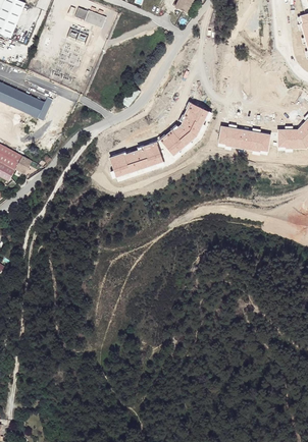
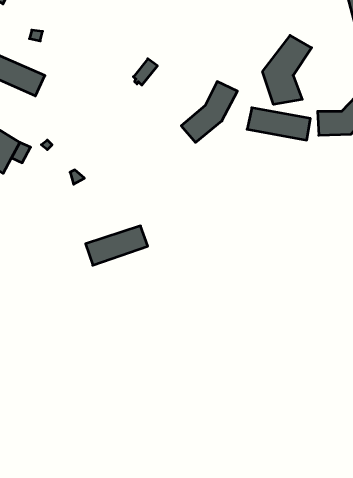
building: none -> [263,35,312,104]
building: [109,144,162,177] -> [86,226,148,265]

